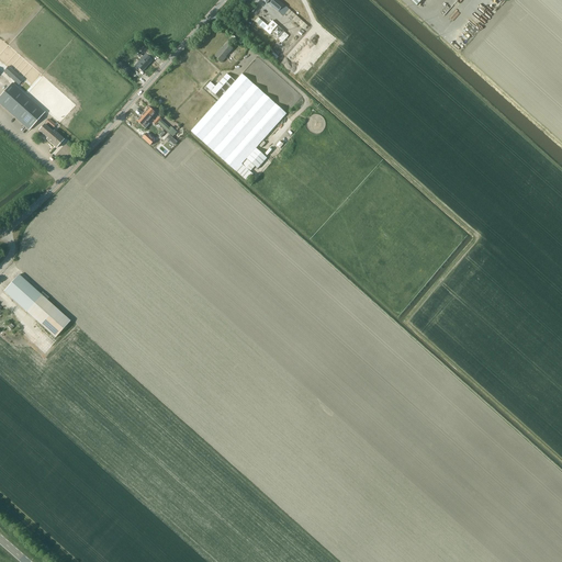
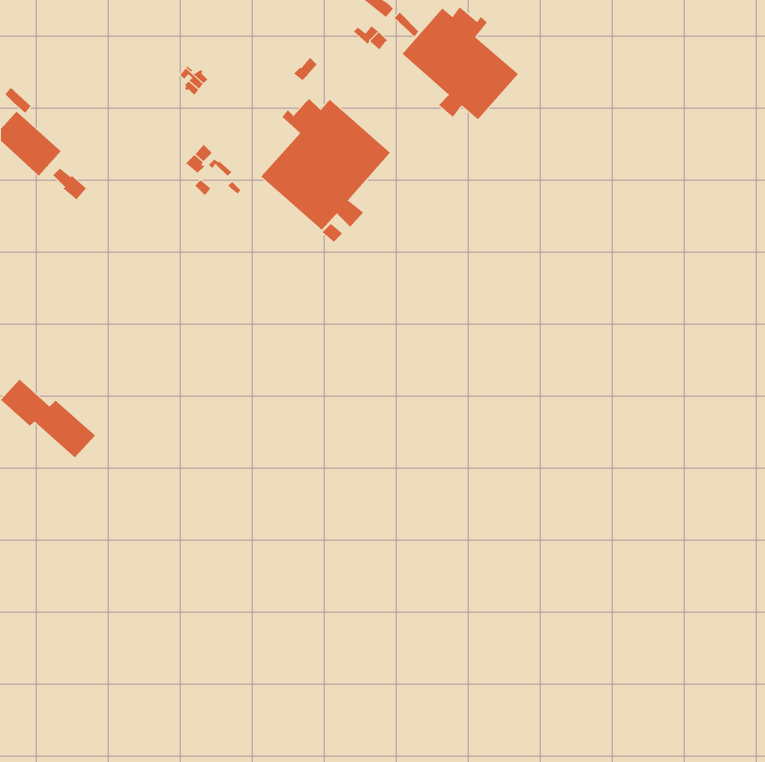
building: none -> [402,7,519,120]

